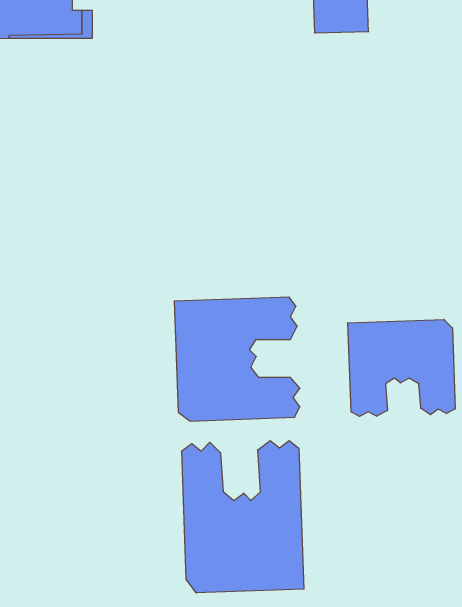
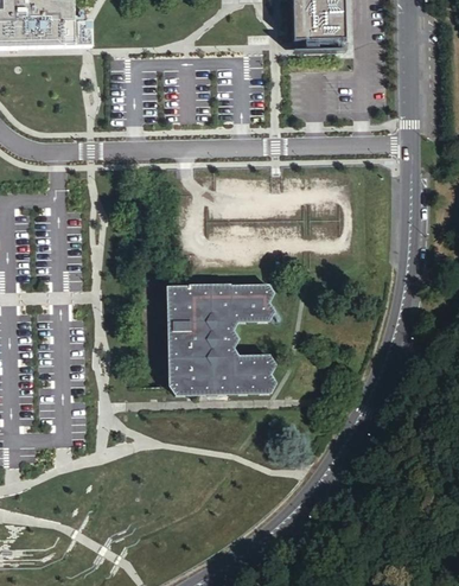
building: [348,319,455,416] -> none
building: [182,441,304,593] -> none

